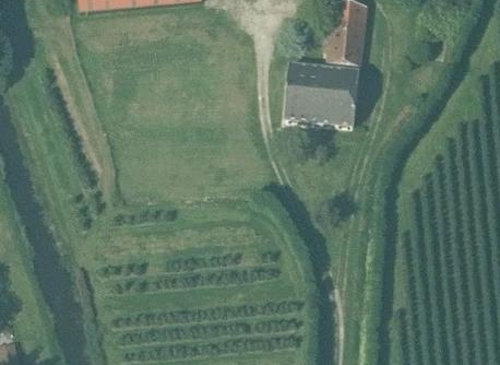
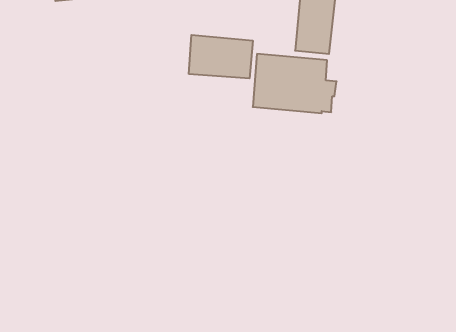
building: none -> [189,35,253,78]

